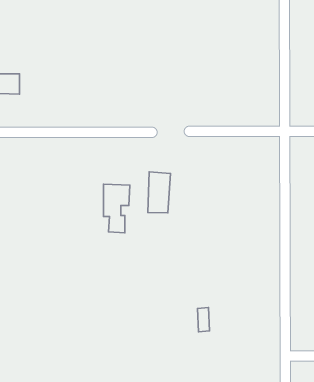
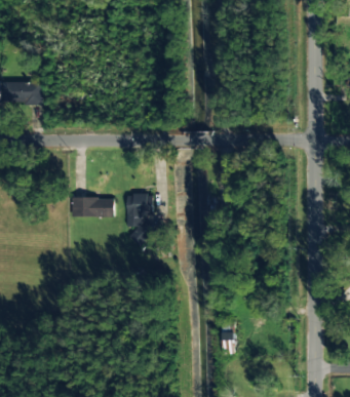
building: [148,172,170,213] -> none
building: none -> [72,197,114,216]

